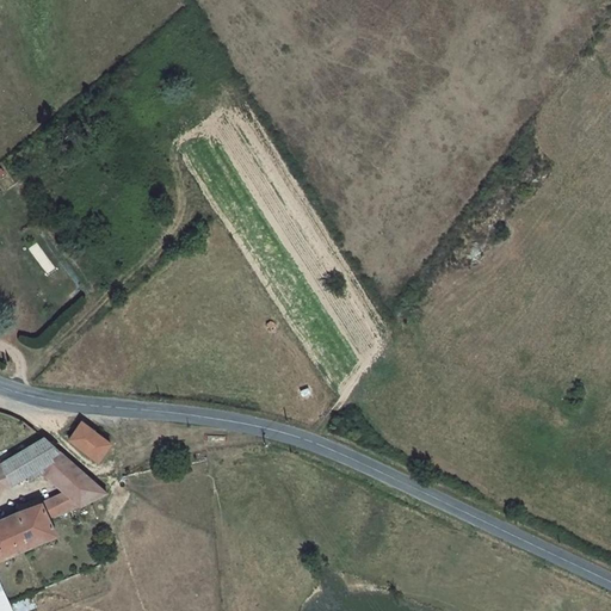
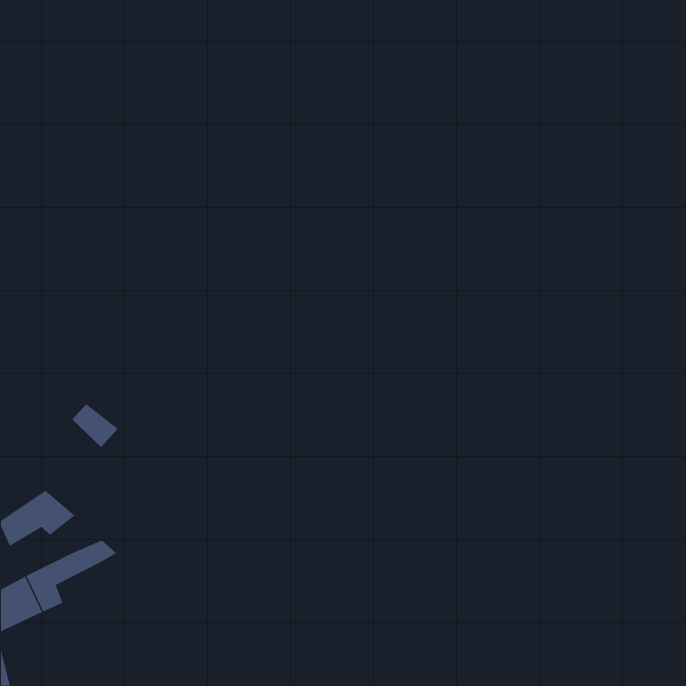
building: [68,422,110,462] -> [71,403,118,448]
building: [44,458,91,492] -> none

